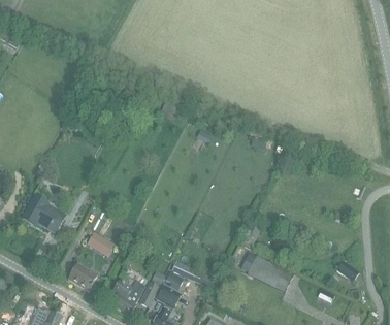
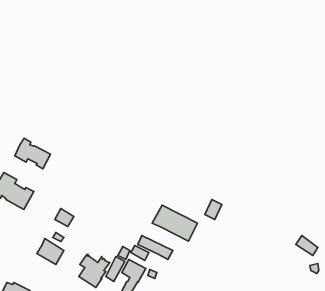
building: none -> [15,138,51,169]
building: [247,255,293,292] -> [152,205,197,241]

